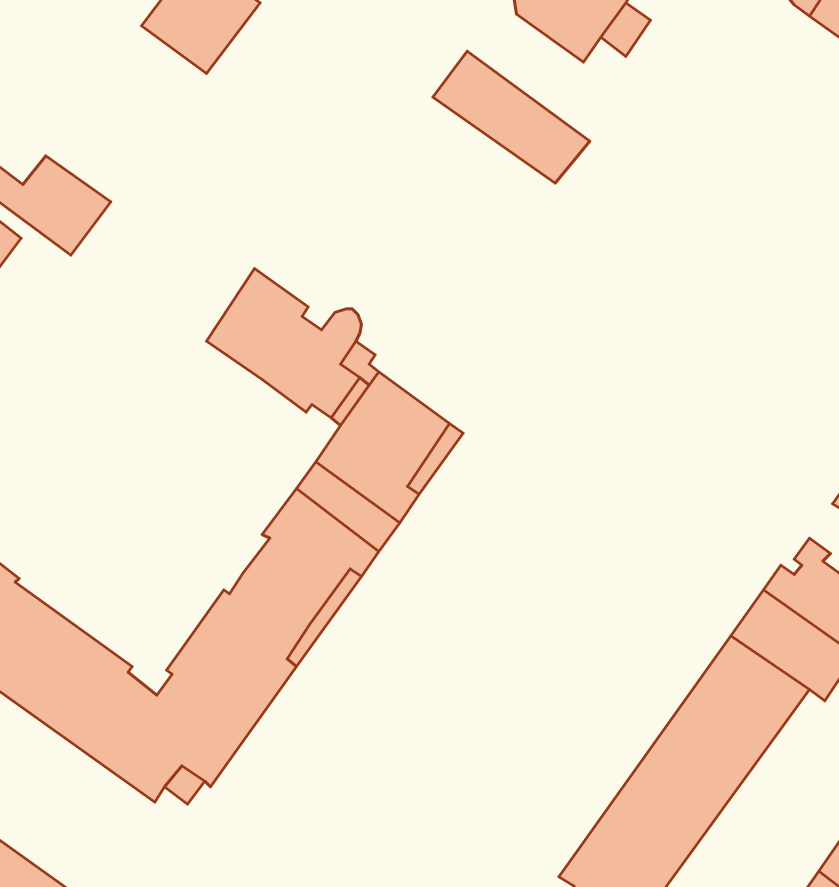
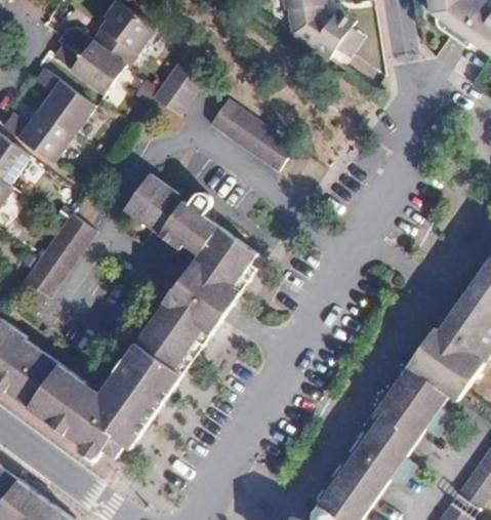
building: none -> [53,40,126,94]
building: [433,51,590,183] -> [207,98,291,169]
building: none -> [152,63,201,115]
building: none -> [34,69,95,134]
building: none -> [24,212,95,296]

